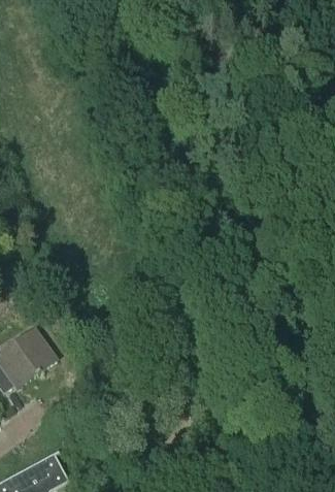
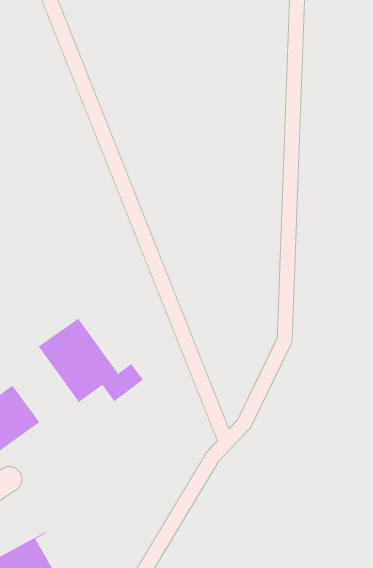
building: none -> [38,318,144,403]

